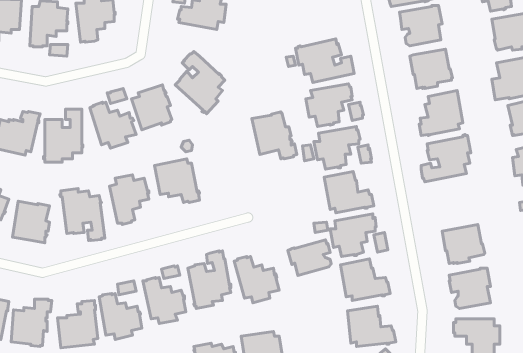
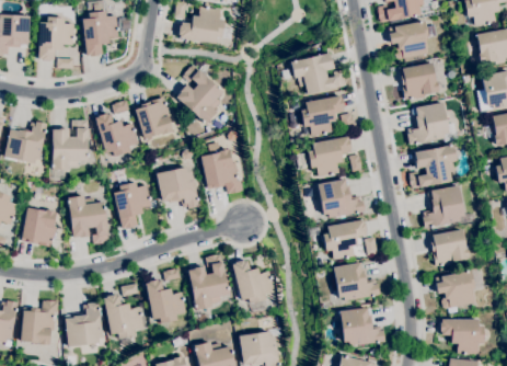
building: [252,112,297,159] -> [200,149,243,194]
building: none -> [423,185,464,228]
building: [288,240,331,276] -> none

